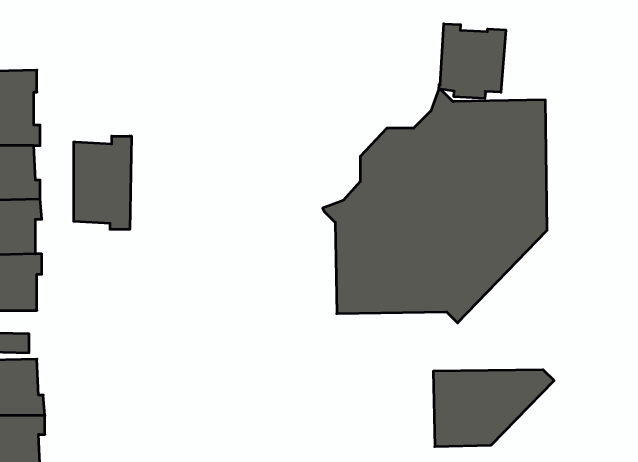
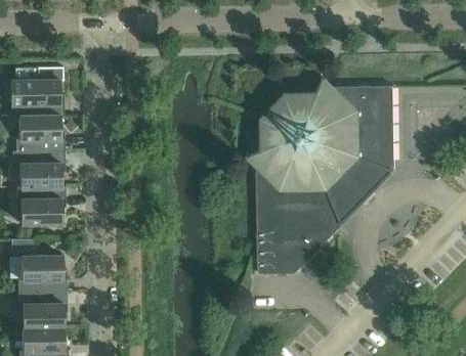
building: [439,24,506,98] -> none
building: [74,136,131,229] -> none
building: [433,370,554,447] -> [257,223,336,273]

